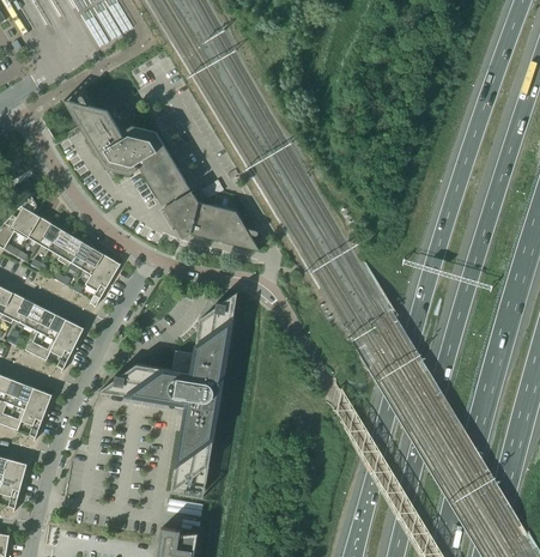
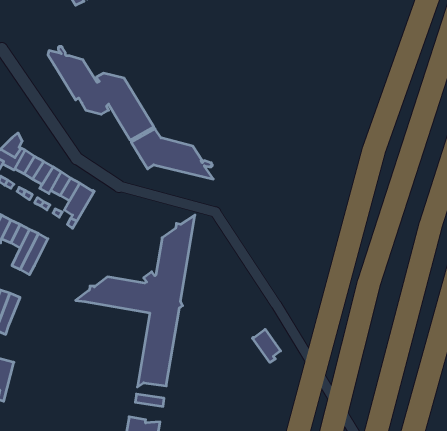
building: [50,320,83,370] -> none
building: [20,388,51,438] -> none
building: none -> [252,329,281,362]

